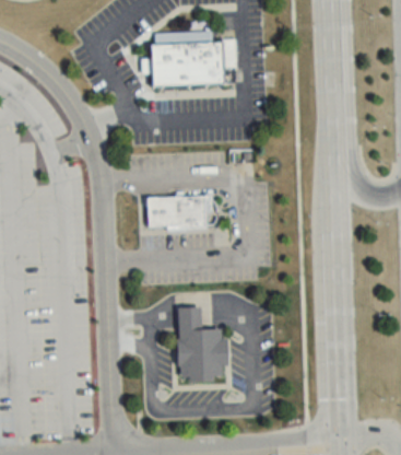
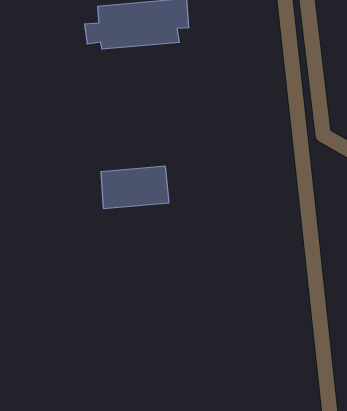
building: [180,306,227,380] -> none

